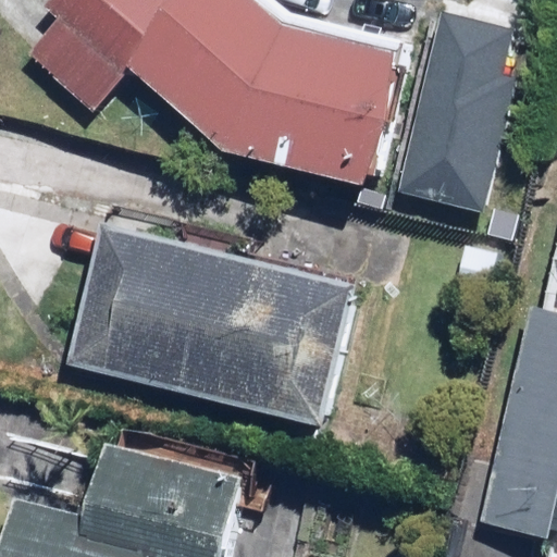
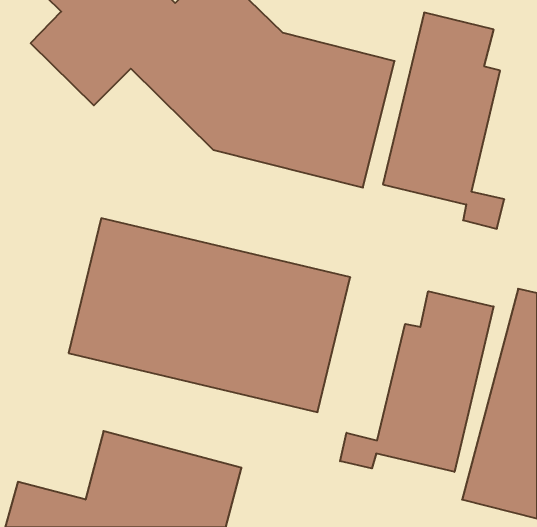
building: none -> [340,291,494,472]

